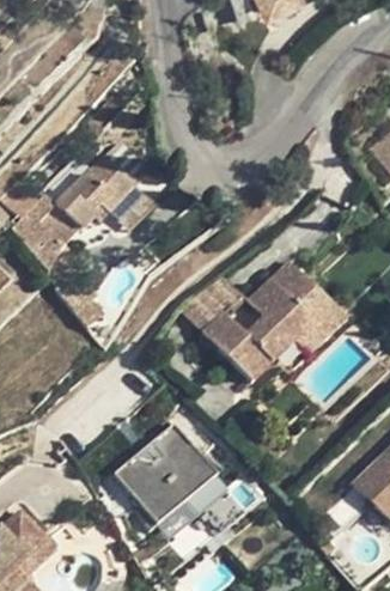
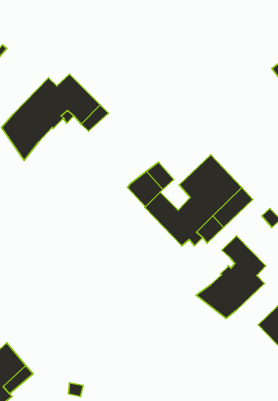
building: none -> [196,236,266,318]
building: [116,425,225,531] -> none

